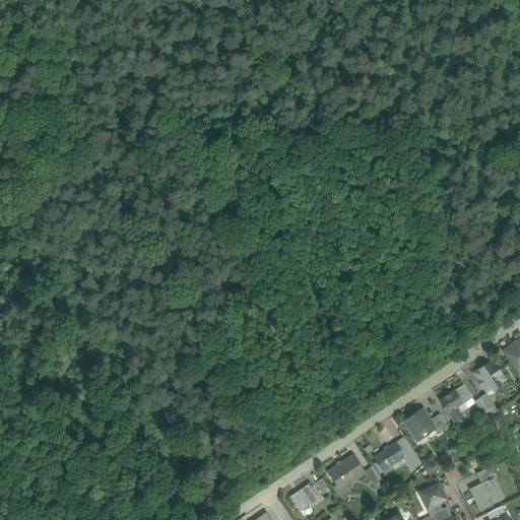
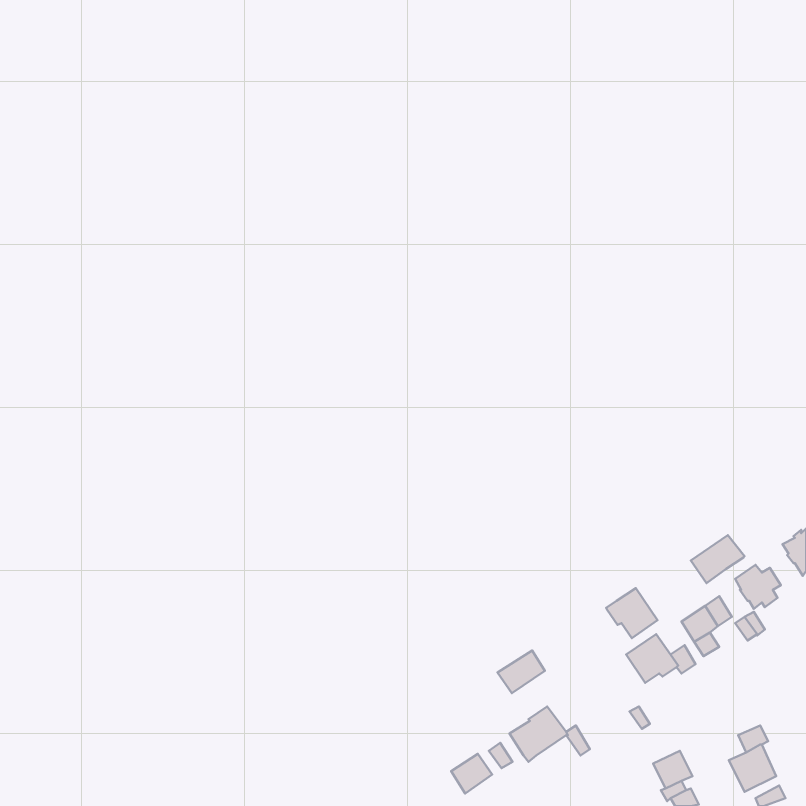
building: none -> [691,535,745,583]
building: none -> [606,588,658,638]
building: [374,443,404,470] -> [497,650,545,693]

